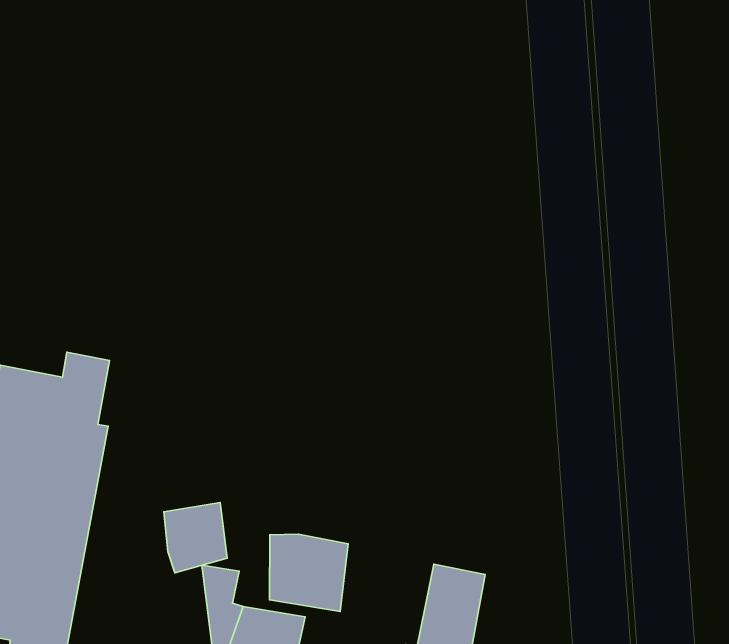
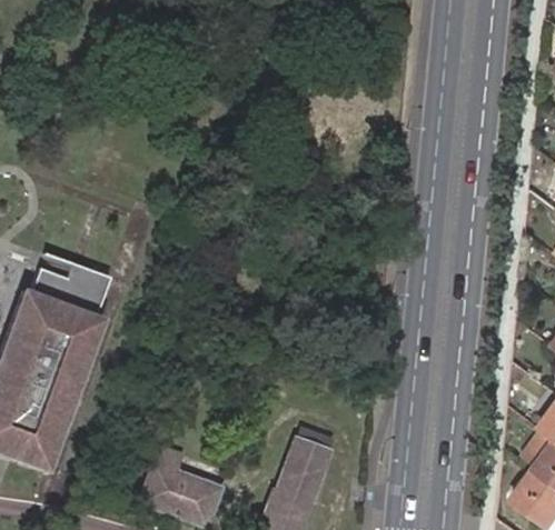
building: [164,502,227,573] -> none
building: [270,534,348,612] -> none

